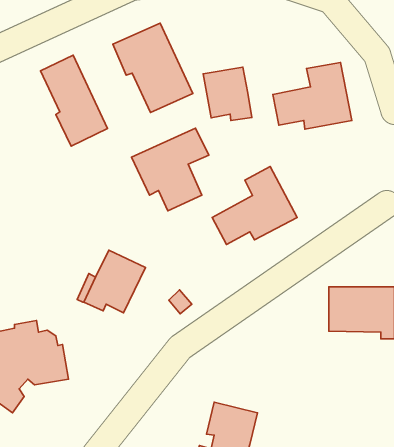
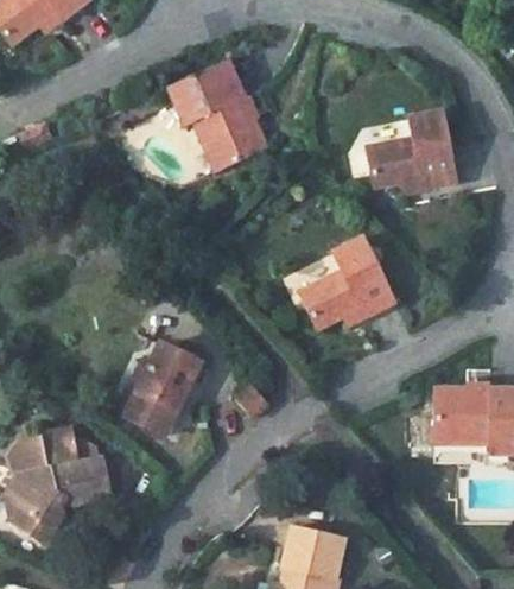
building: [40,55,108,146] -> none
building: [203,67,252,121] -> none
building: [132,128,209,211] -> none

